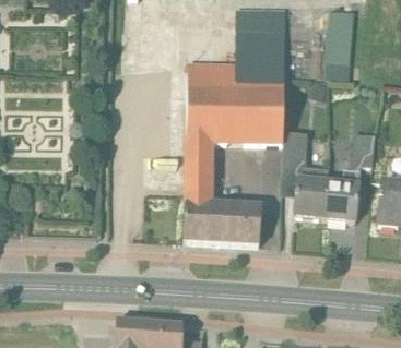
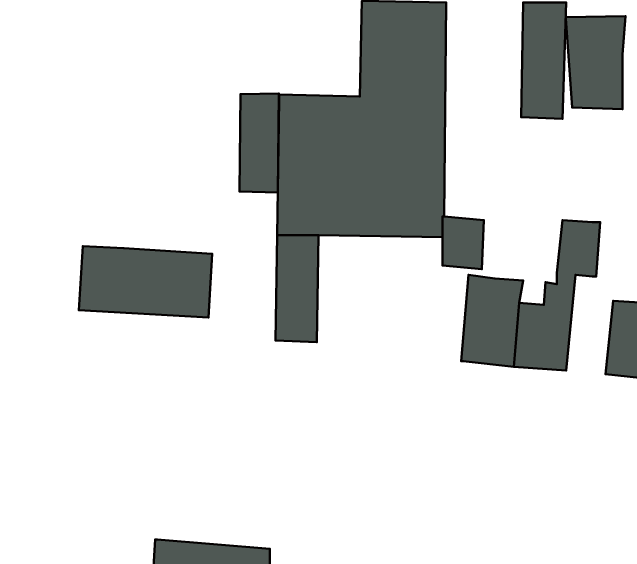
building: none -> [566,16,625,109]
building: none -> [239,94,279,192]
building: [182,203,260,244] -> [79,246,212,318]

